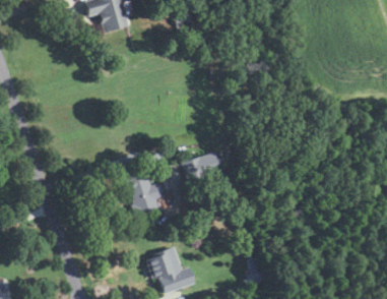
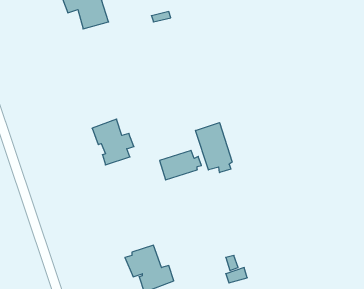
building: none -> [196,123,232,173]
building: [120,170,162,216] -> [92,119,134,165]

